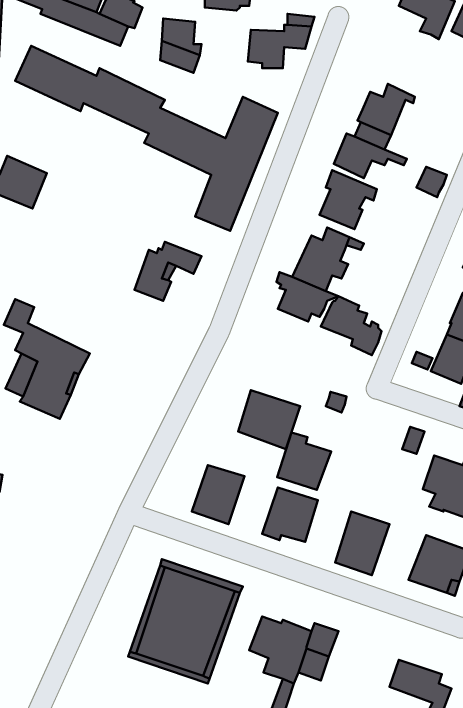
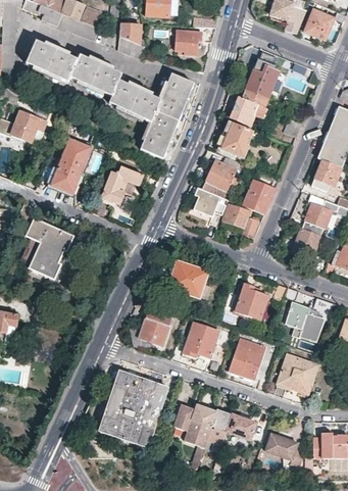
building: none -> [51,138,91,194]
building: none -> [244,181,275,214]
building: [277,432,331,490] -> [235,283,269,320]
building: none -> [227,414,257,440]

